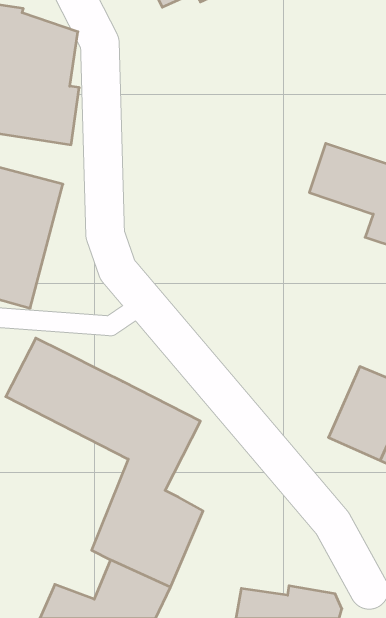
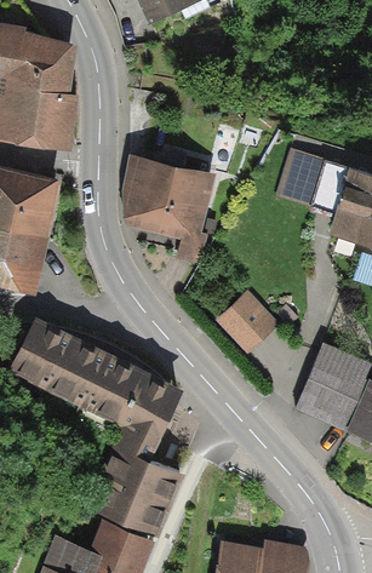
building: none -> [121,155,213,260]
building: none -> [217,292,275,350]

